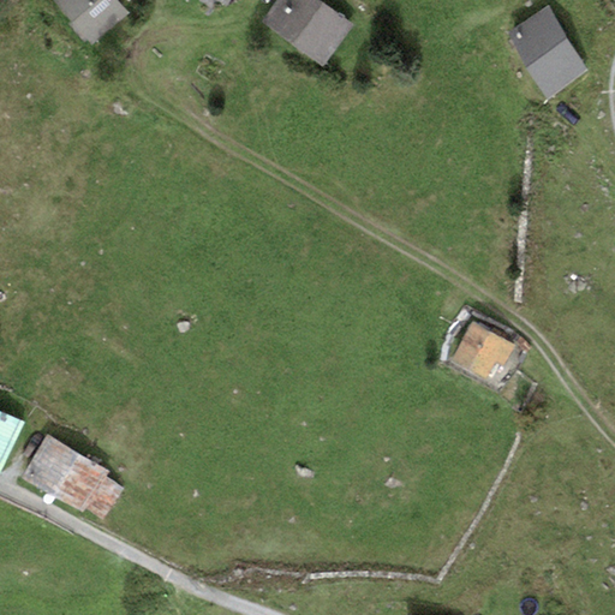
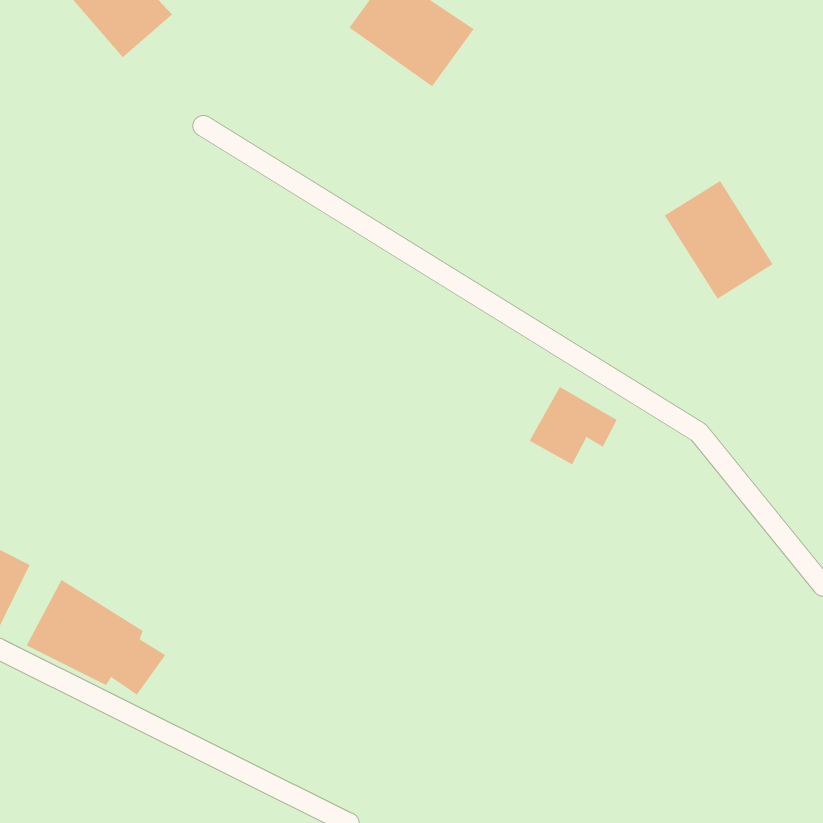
building: [504,7,586,96] -> [664,180,774,300]
building: [449,321,515,380] -> [529,386,618,465]

